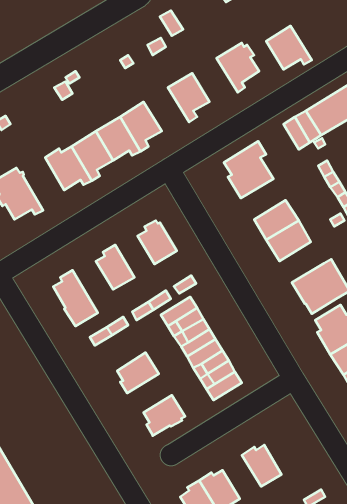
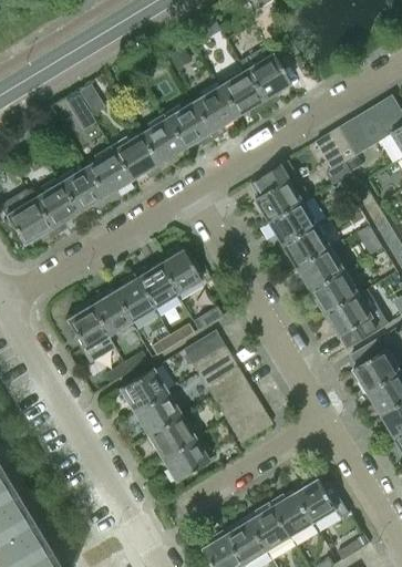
building: [266,26,312,69] -> [216,70,266,117]
building: none -> [163,102,213,150]
building: none -> [31,178,76,236]
building: none -> [269,202,318,246]
building: none -> [132,264,175,309]
building: none -> [311,270,360,315]
building: none -> [85,291,130,337]
building: none -> [116,368,165,411]
building: none -> [145,414,194,456]
building: none -> [295,475,349,524]
building: none -> [249,503,291,550]

